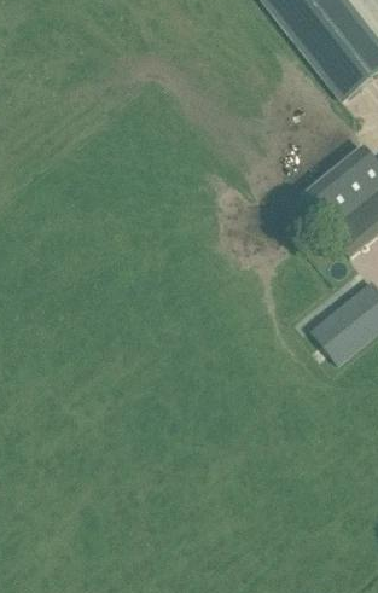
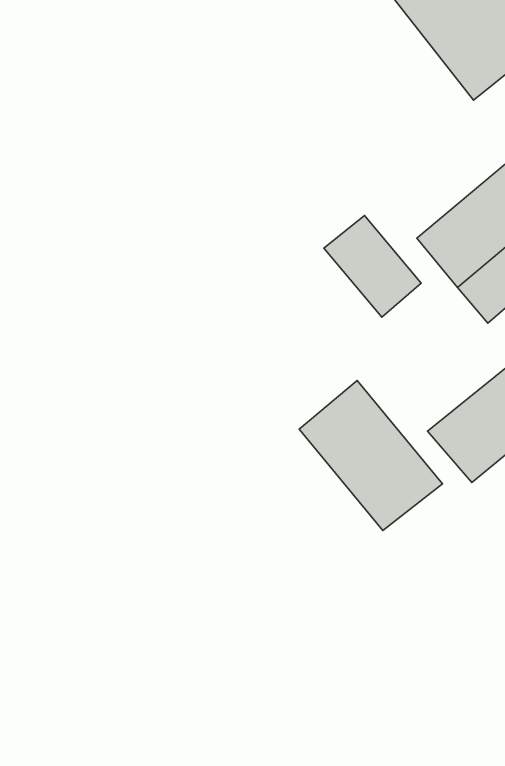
building: none -> [324,216,421,317]
building: none -> [299,380,442,530]

